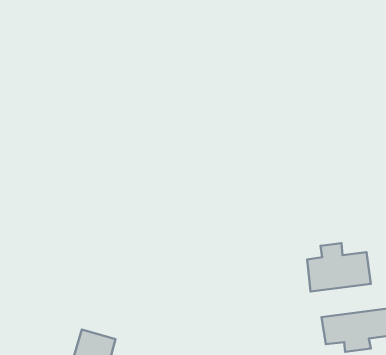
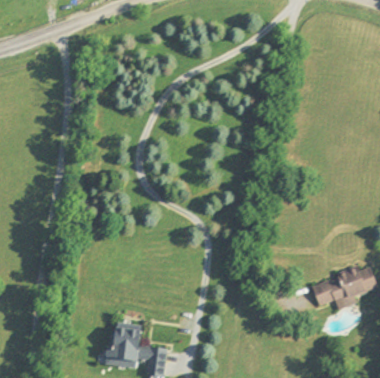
building: [307,243,371,292] -> none

